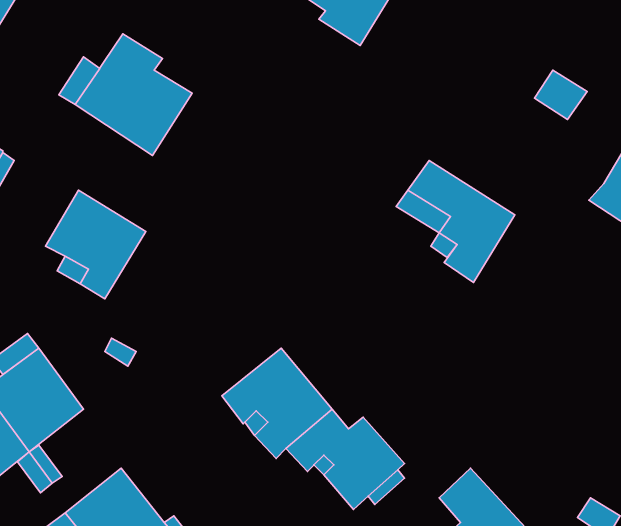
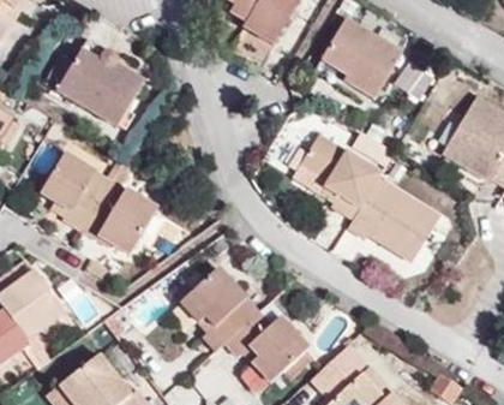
building: none -> [316,16,406,90]
building: none -> [347,166,450,263]
building: none -> [85,178,161,250]

